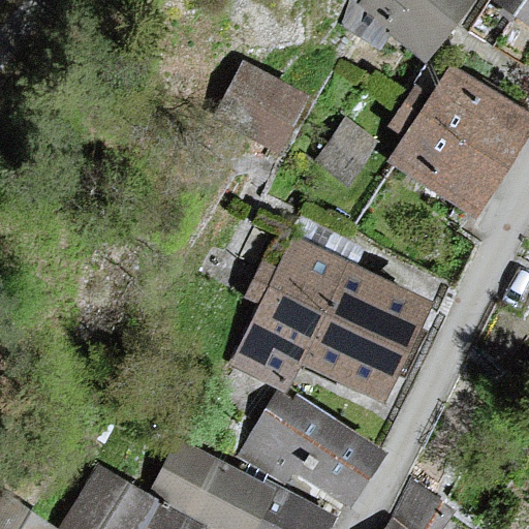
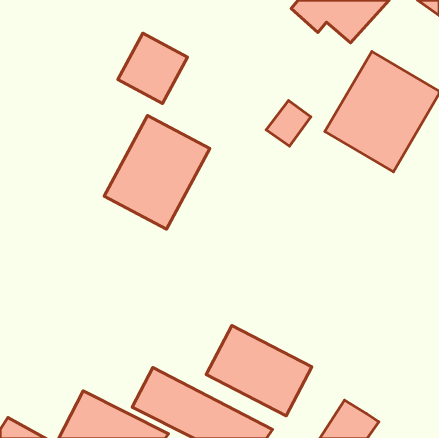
building: [220,65,304,150] -> [118,33,188,104]
building: none -> [104,116,210,229]
building: [241,238,428,396] -> none

